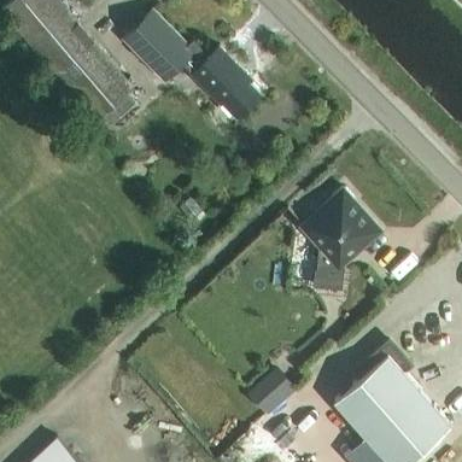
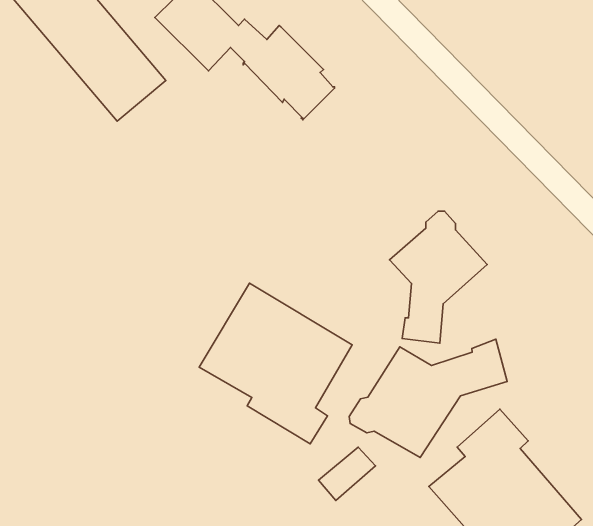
building: none -> [199,283,352,444]
building: none -> [349,339,507,458]

